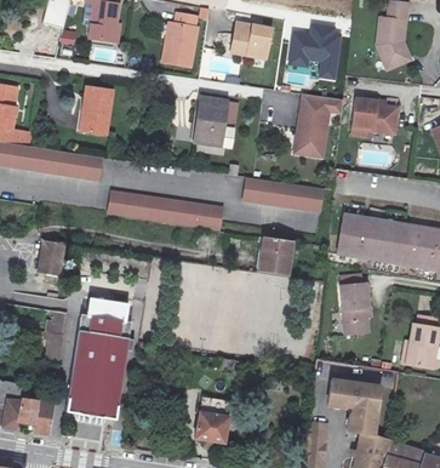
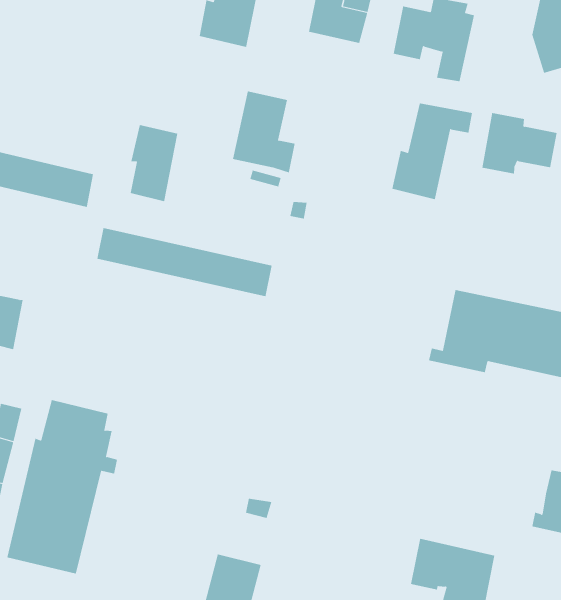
building: [82,89,112,137] -> [130,125,178,202]
building: [244,177,326,211] -> none
building: [261,236,292,275] -> none
building: [341,281,370,331] -> none

